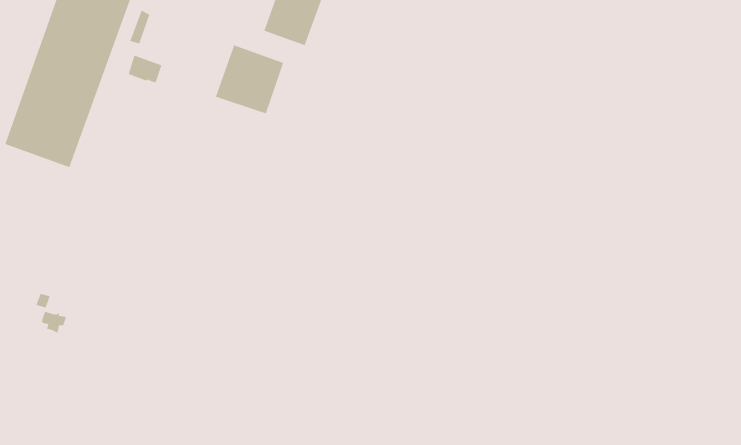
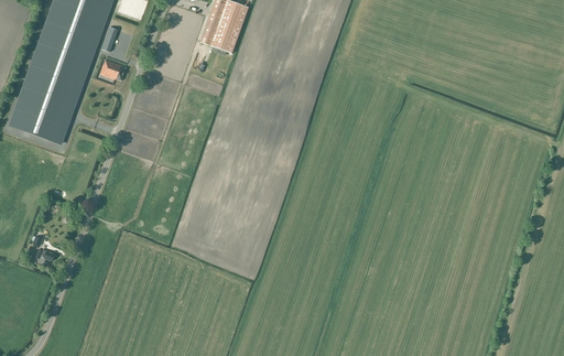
building: [215,45,284,114] -> none

